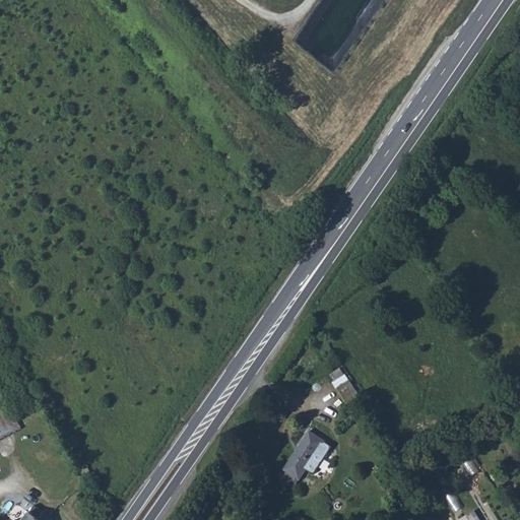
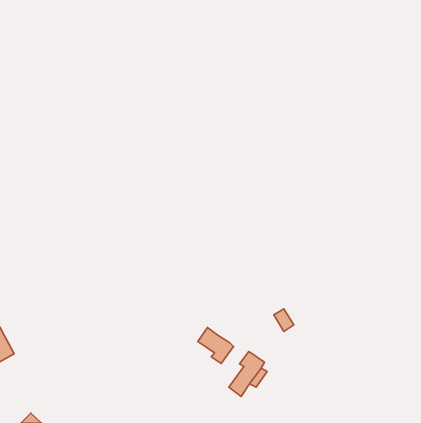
building: none -> [198,327,234,364]

